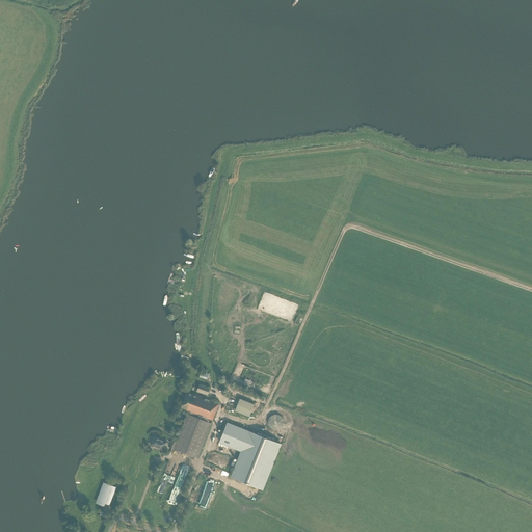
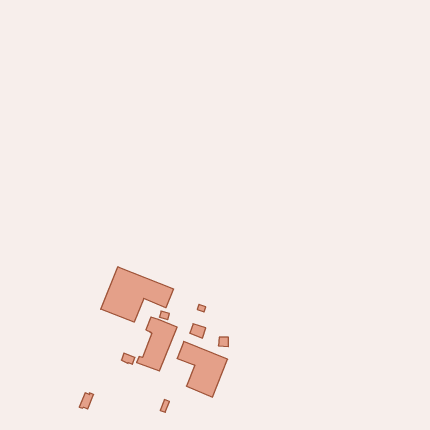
building: none -> [101,267,173,322]

